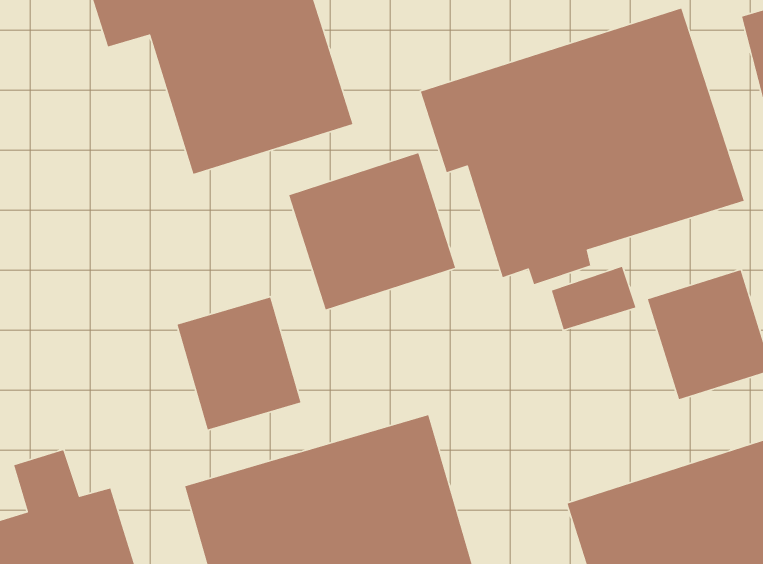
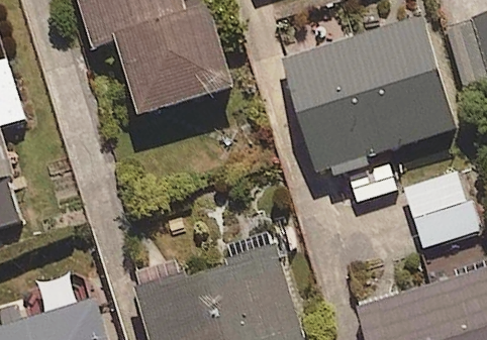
building: [288,152,456,311] -> none
building: [177,297,301,430] -> none

